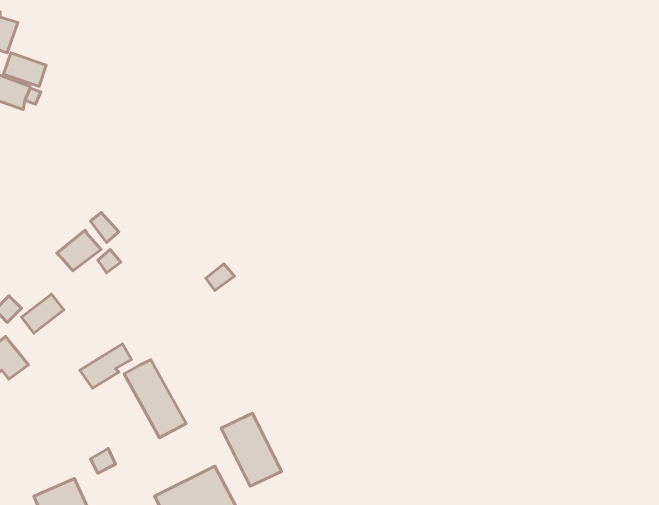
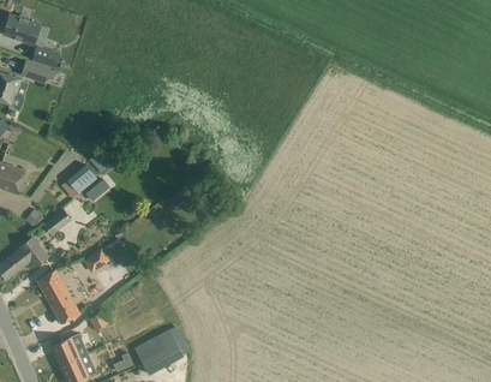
building: [124,360,186,438] -> [37,271,79,324]
building: [221,413,282,486] -> none

